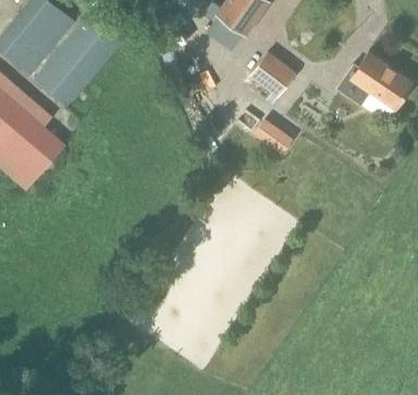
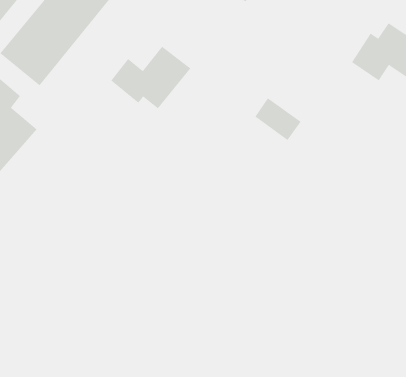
building: [251,53,295,95] -> none
building: none -> [110,46,191,109]

